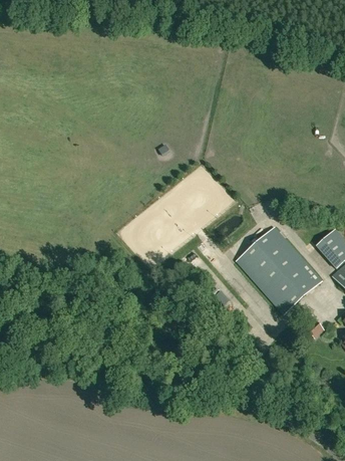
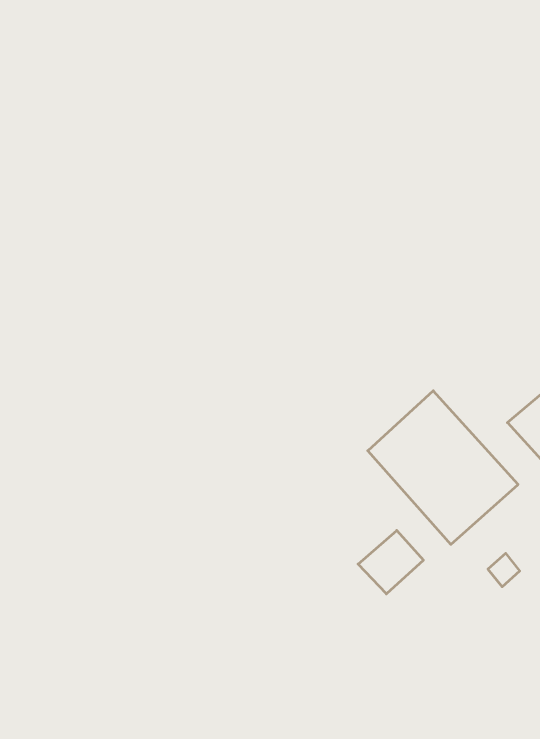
building: none -> [358,530,423,594]

